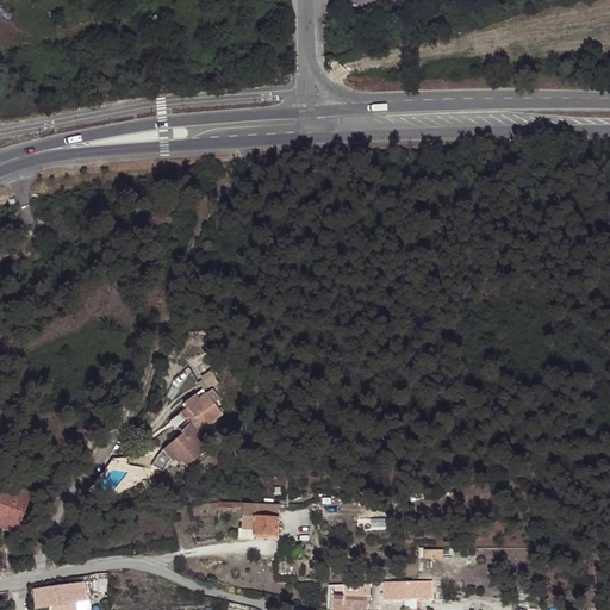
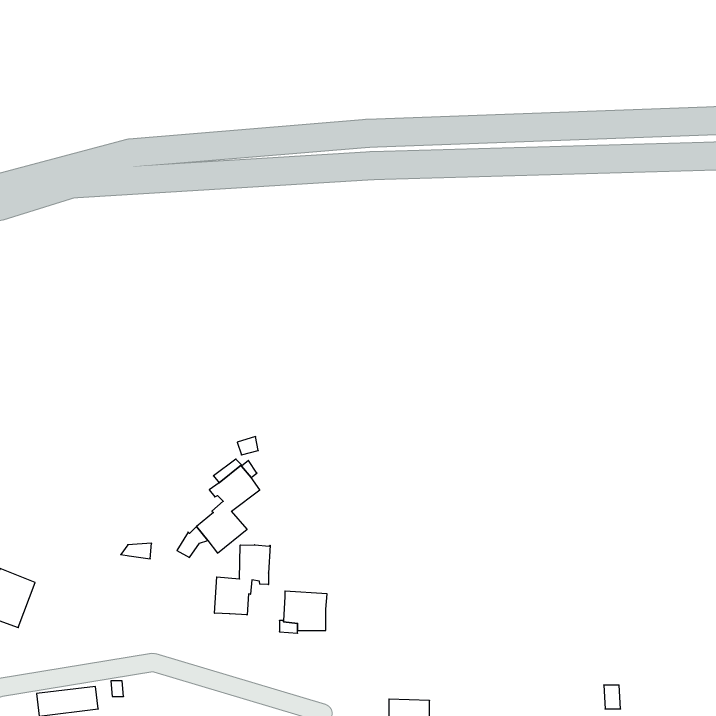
building: none -> [215,545,270,615]
building: [380,581,429,600] -> none

